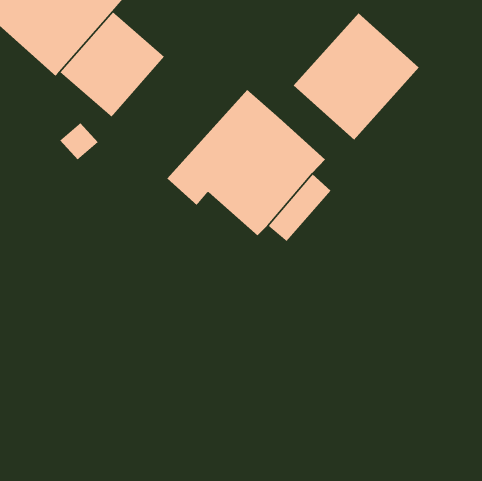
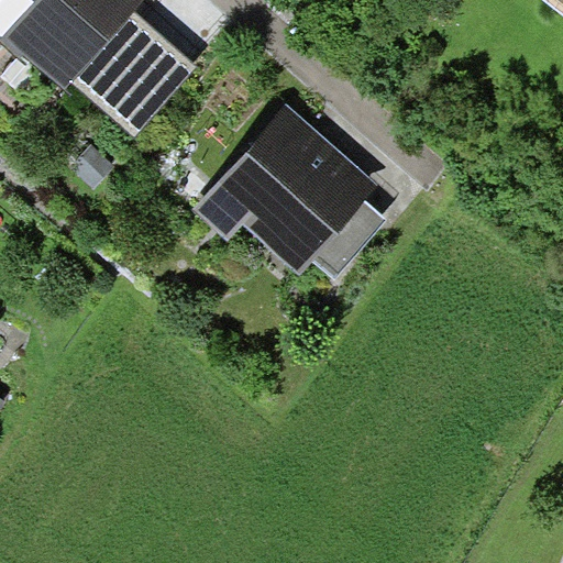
building: [293,12,420,141] -> none

